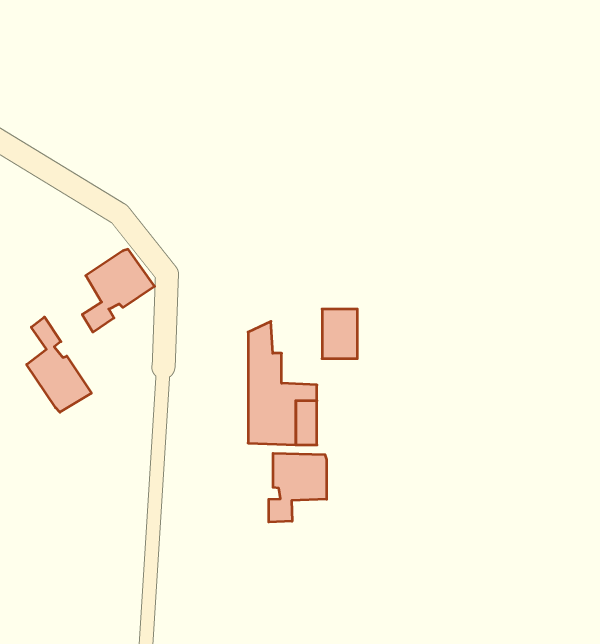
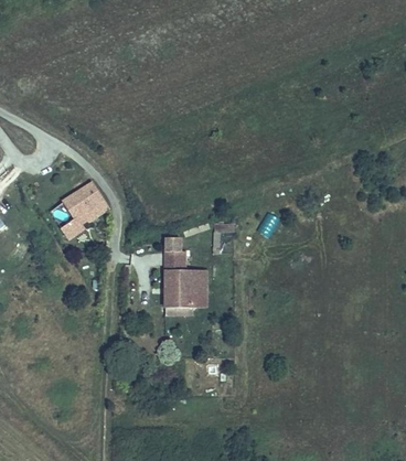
building: [27,317,91,412] -> none
building: [269,453,327,522] -> none

